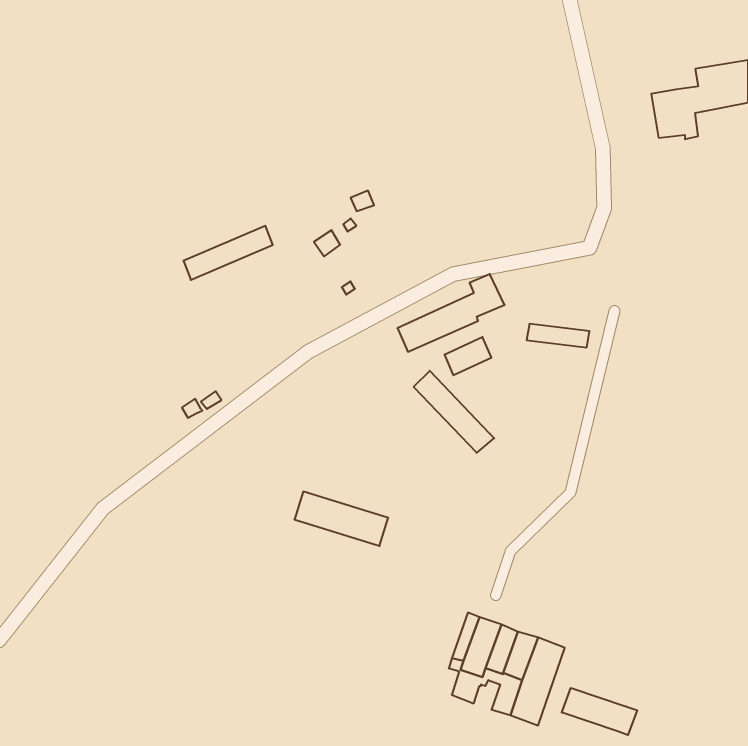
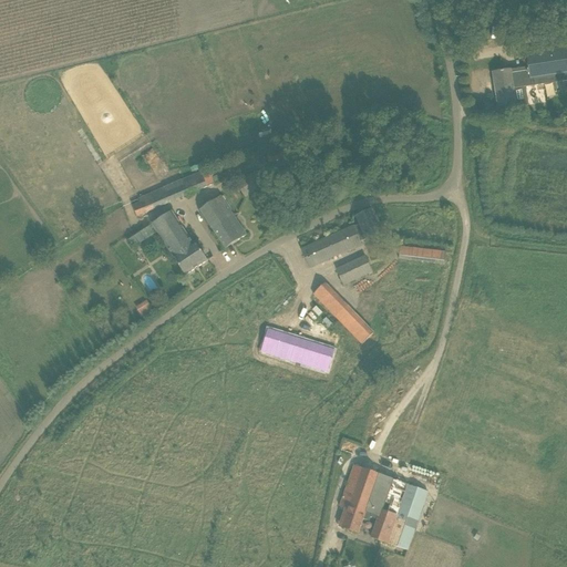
building: none -> [199,194,246,247]
building: none -> [151,209,207,274]
building: [294,492,388,546] -> [261,329,332,370]
building: [562,688,637,735] -> none

